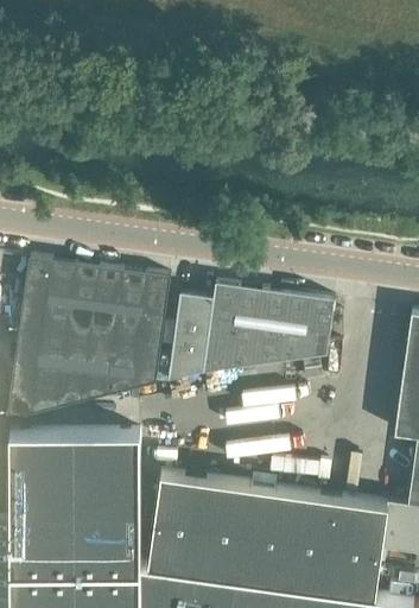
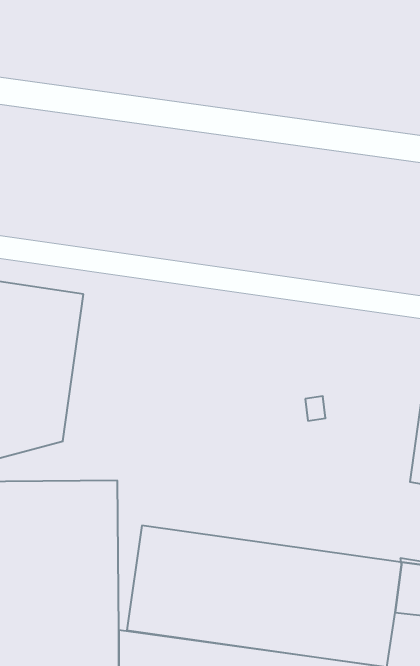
building: [93,270,171,398] -> none
building: [169,283,335,380] -> none

